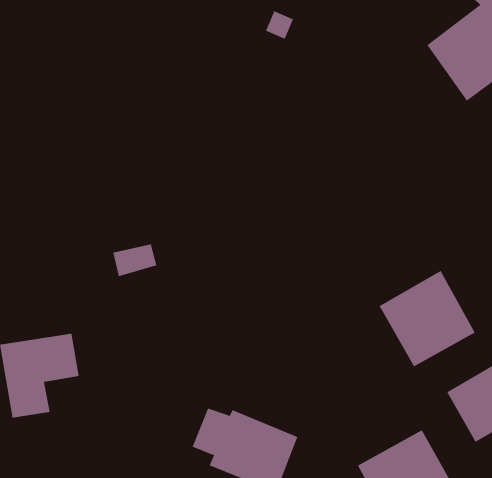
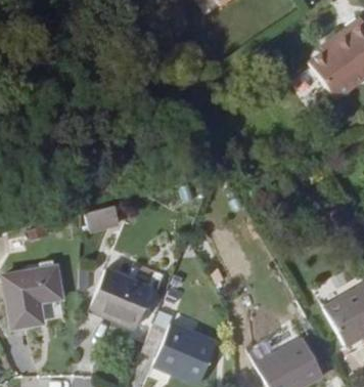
building: [379,270,475,367] -> none
building: none -> [89,269,150,328]

